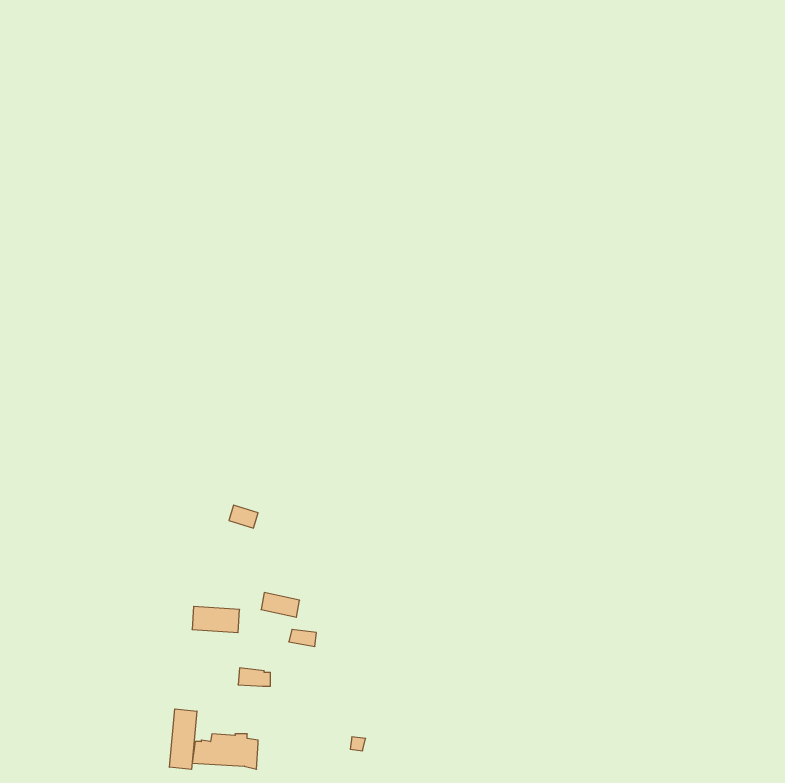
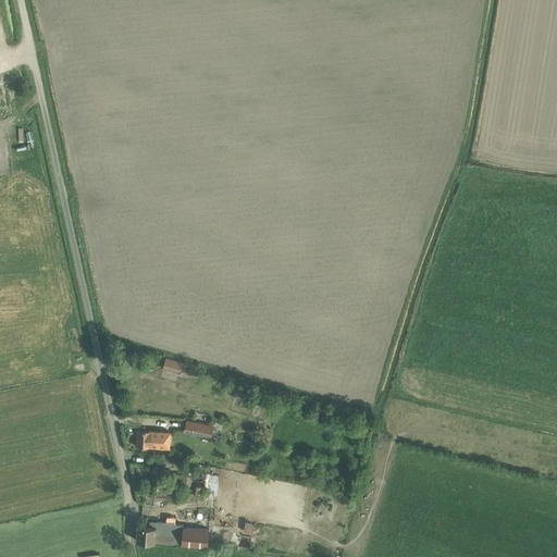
building: [169,709,197,769] -> none
building: none -> [182,528,209,548]

